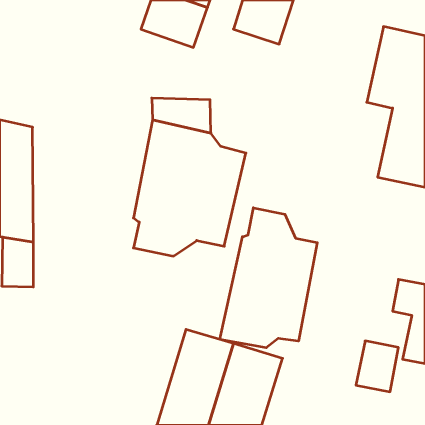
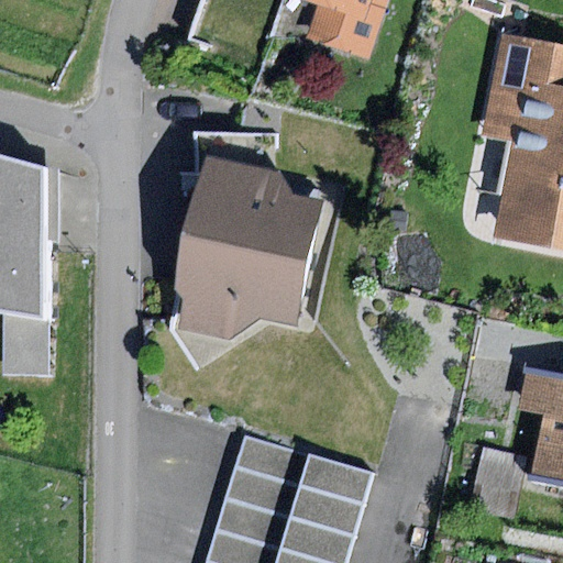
building: [220,208,317,348] -> none

